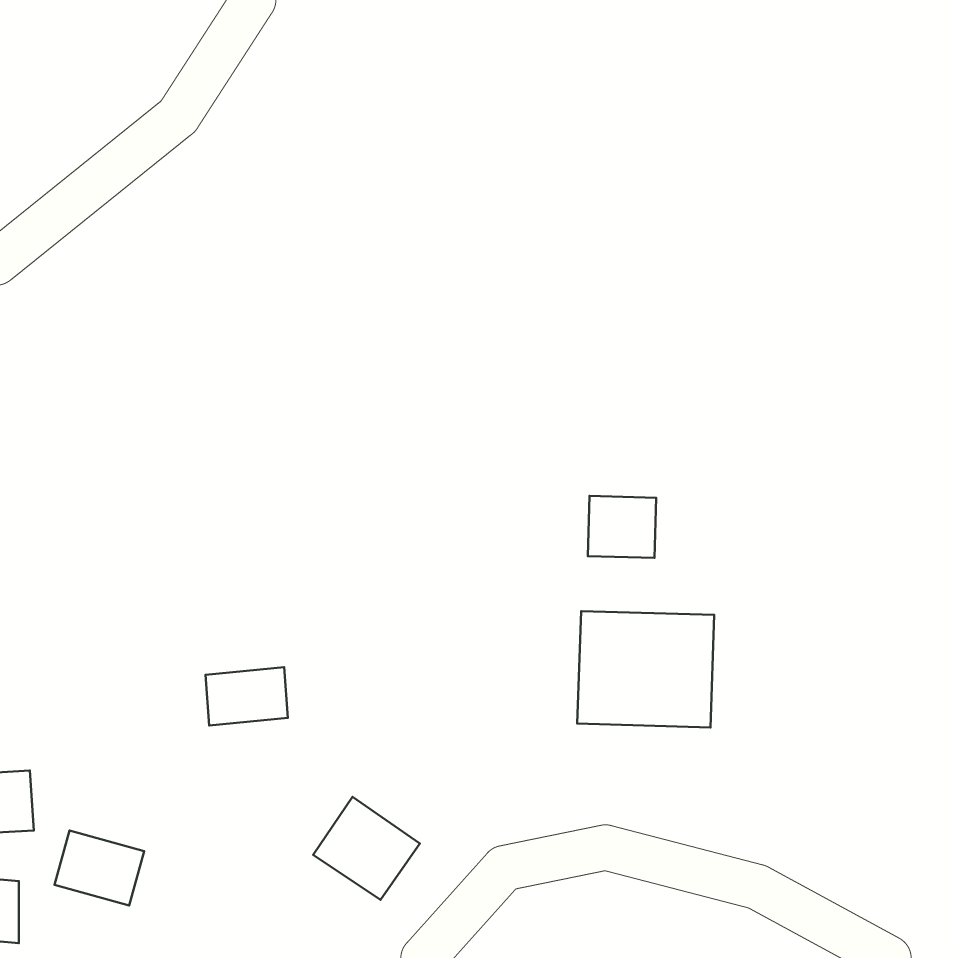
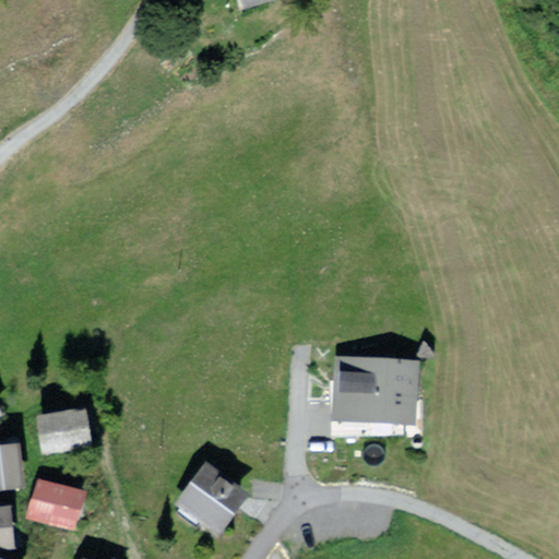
building: [588,496,656,558] -> none
building: [206,667,288,725] -> [41,416,90,450]

